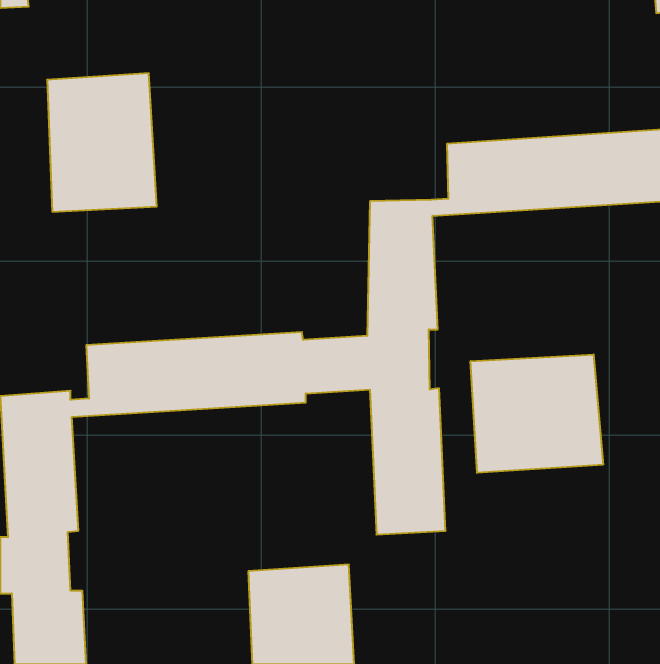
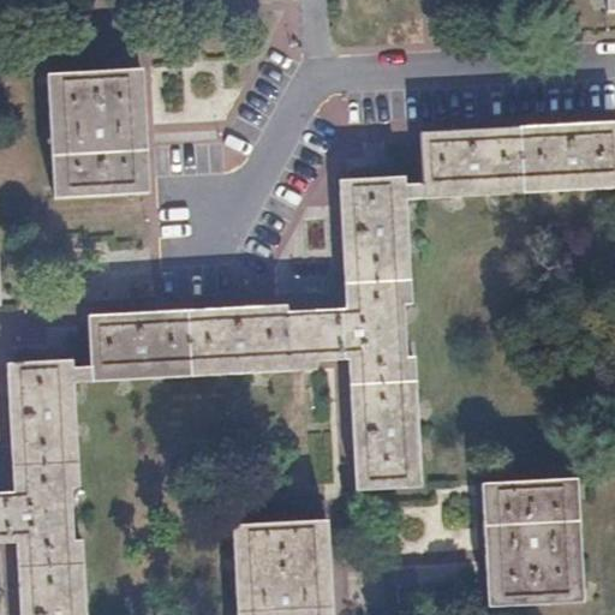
building: [471,354,603,473] -> none
building: none -> [484,477,583,605]

